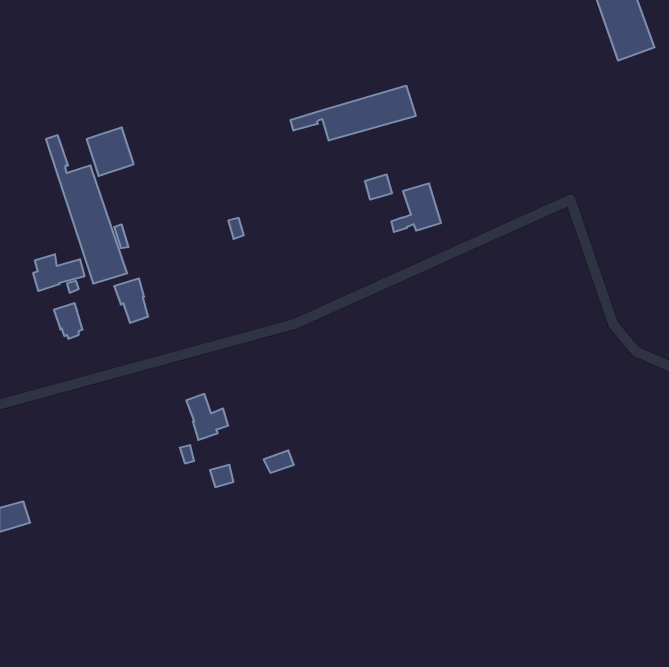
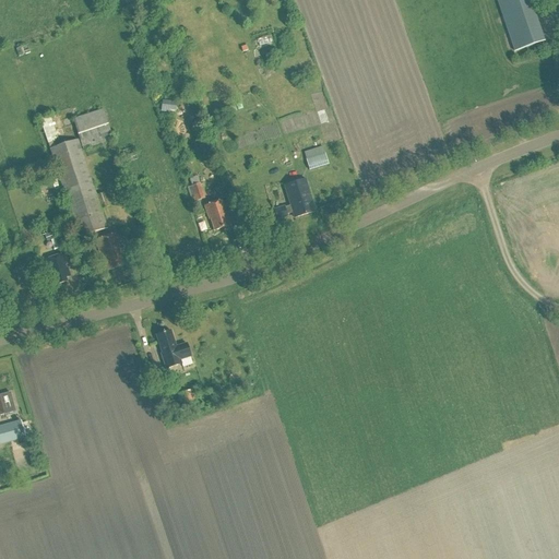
building: [290,86,416,141] -> none
building: [391,183,441,232] -> [274,176,316,216]
building: none -> [204,198,230,228]
building: [33,254,84,291] -> none

